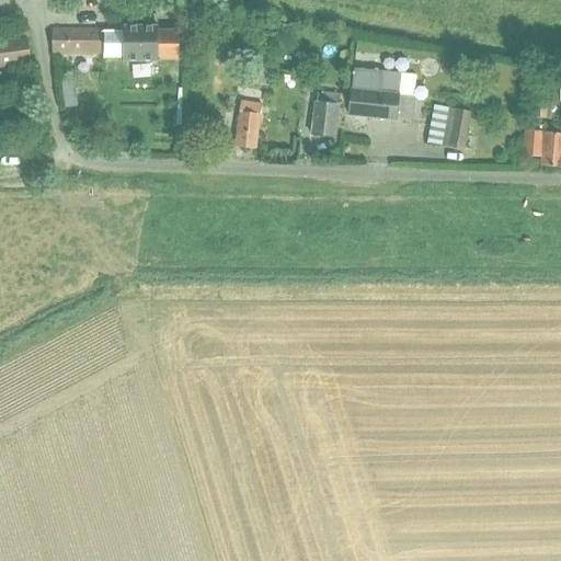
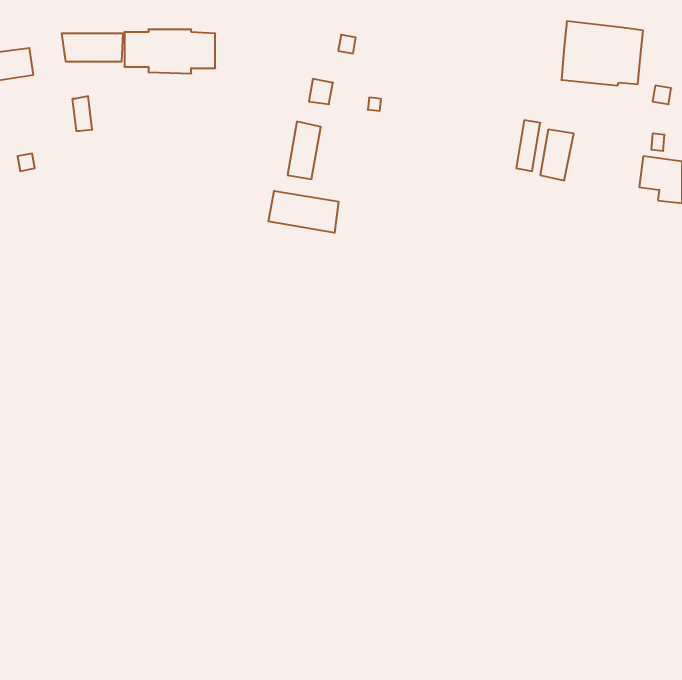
building: [348,67,415,119] -> [561,21,643,85]
building: [310,91,344,139] -> none
building: none -> [269,191,338,233]

